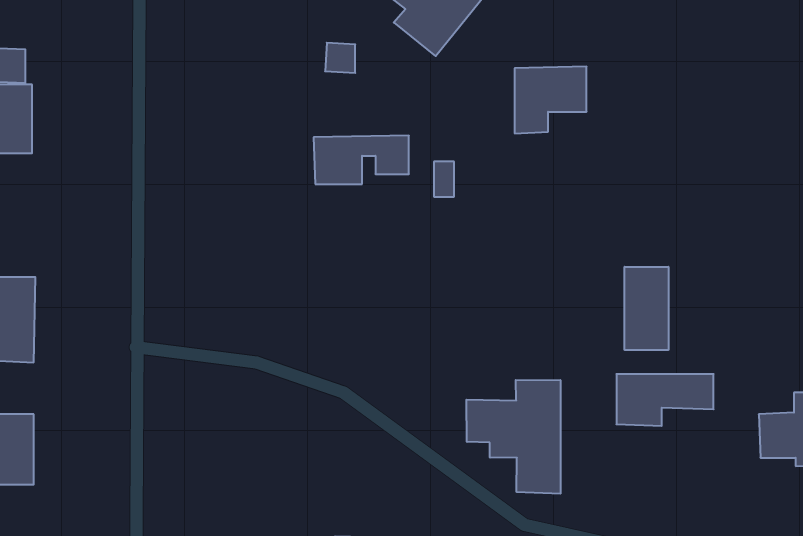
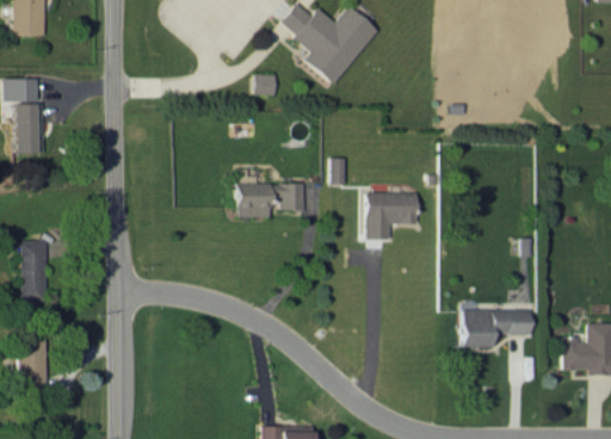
building: [515,67,587,133] -> [366,192,418,240]
building: [314,136,409,184] -> [236,183,304,217]
building: [625,267,668,350] -> none
building: [466,380,560,494] -> none

